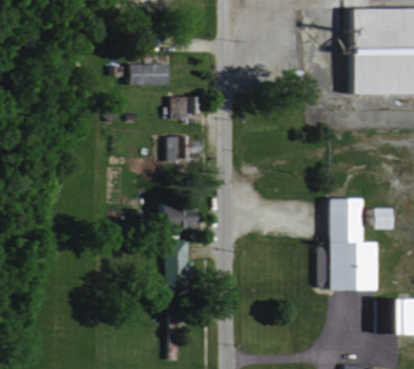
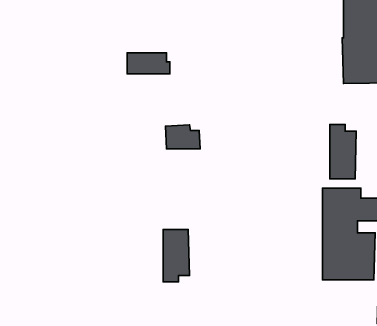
building: [172,96,199,118] -> none
building: none -> [330,124,356,179]
building: [155,201,199,232] -> none

